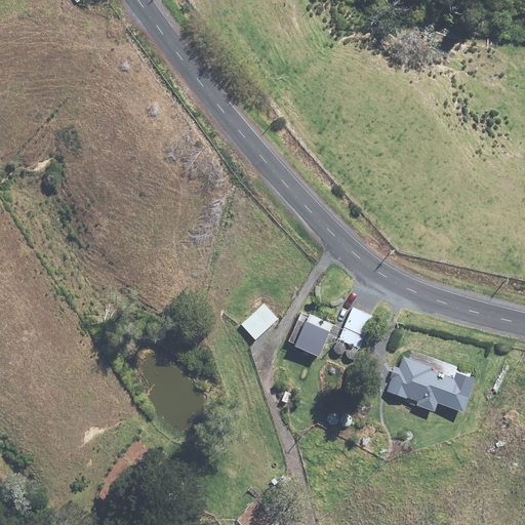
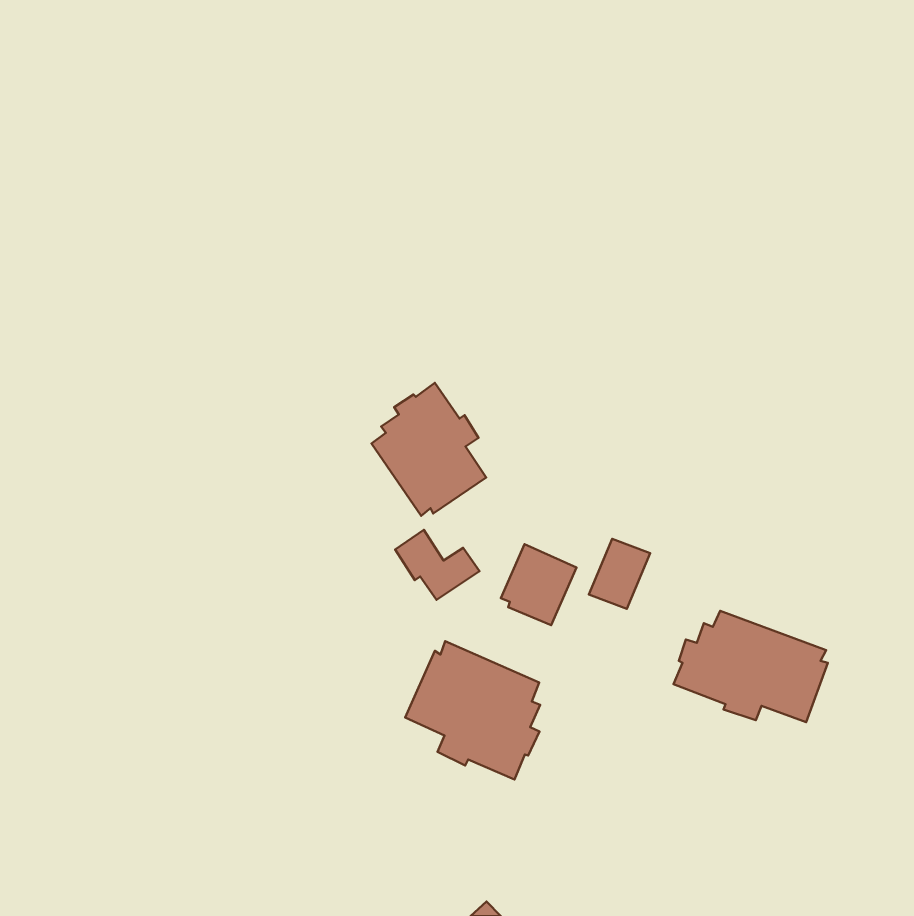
building: none -> [371,383,486,516]
building: none -> [405,641,540,780]

